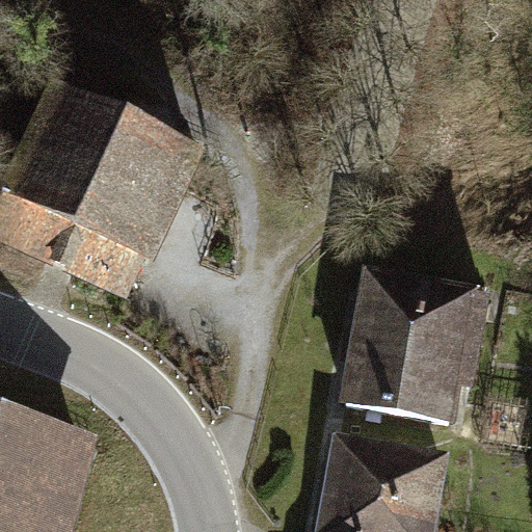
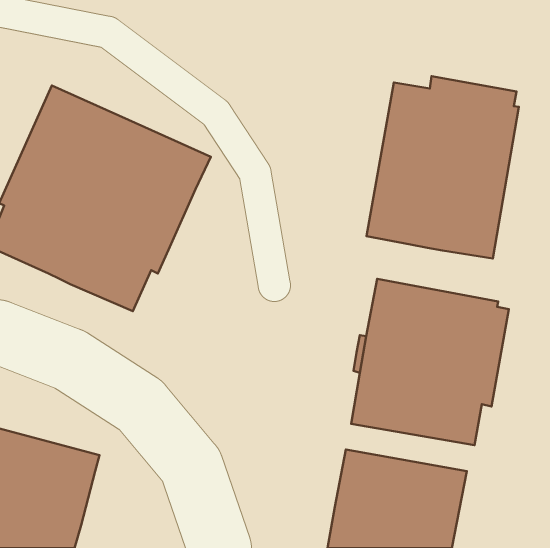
building: none -> [366,76,519,259]

